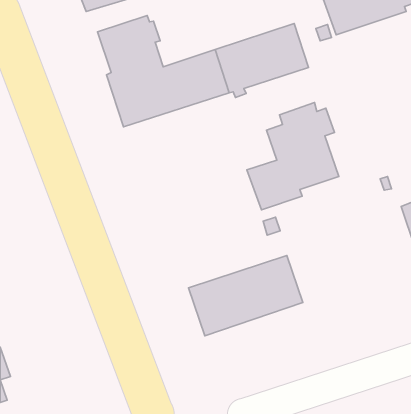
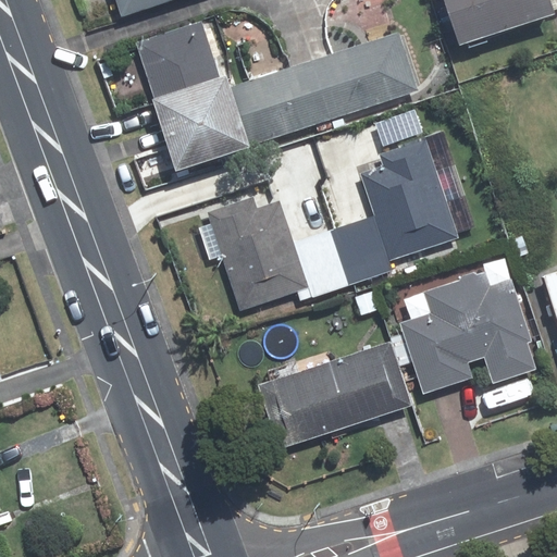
building: none -> [209,197,356,310]
building: none -> [401,271,535,393]

